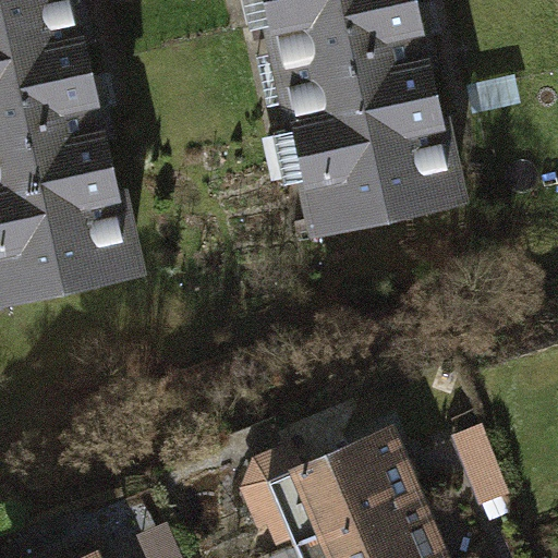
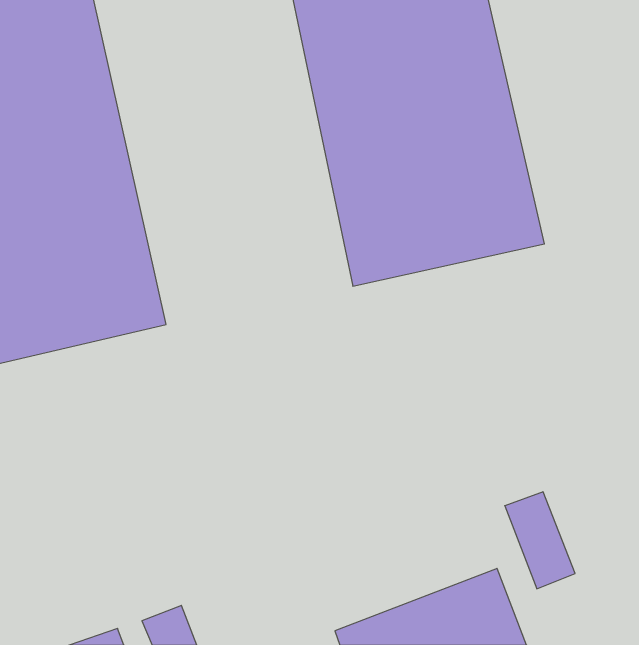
building: [258,415,424,538] -> none

